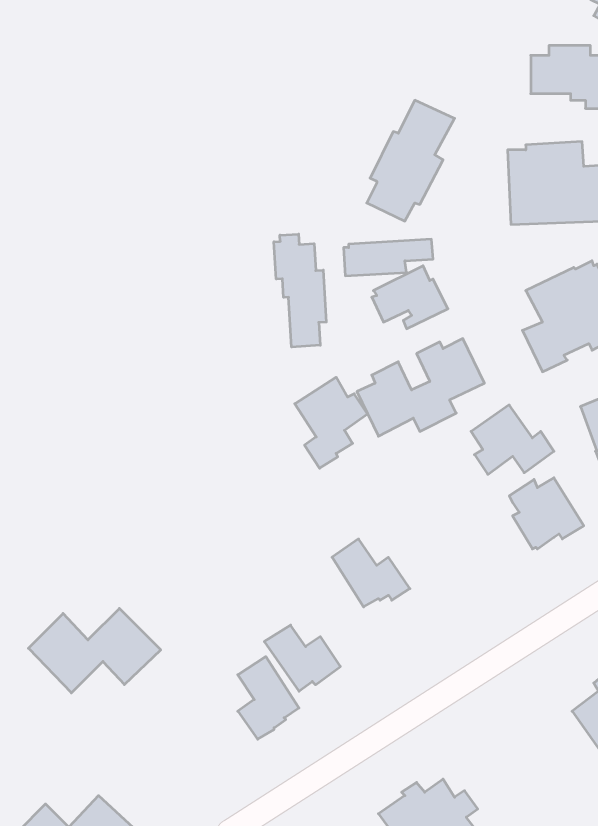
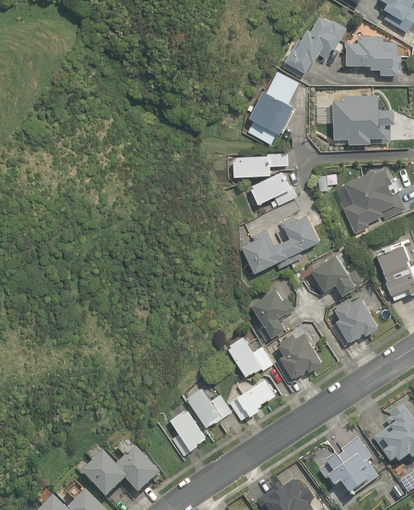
building: none -> [282,17,345,79]
building: [274,234,326,347] -> none
building: [295,377,368,468] -> [250,288,294,343]
building: none -> [277,334,322,377]
building: [28,608,161,693] -> [80,447,160,498]
building: none -> [228,377,277,419]
building: none -> [317,438,376,497]

